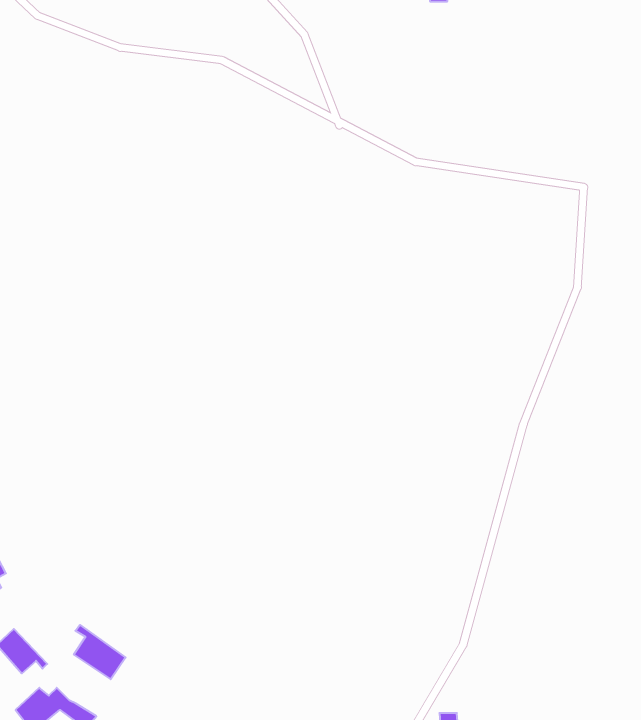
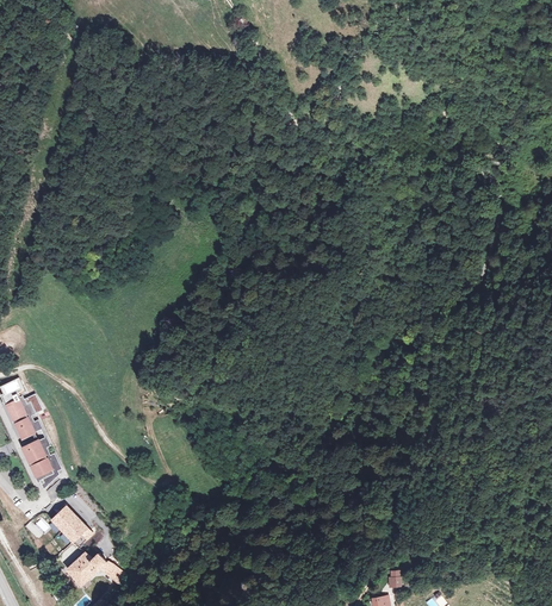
building: [74,625,126,679] -> none

